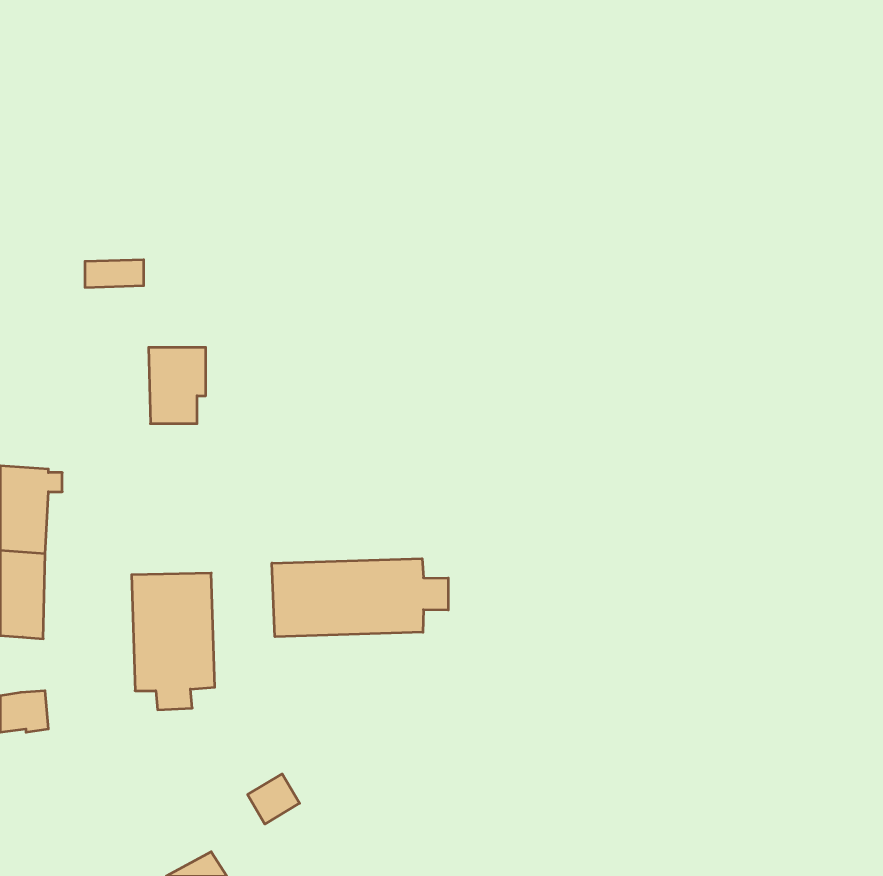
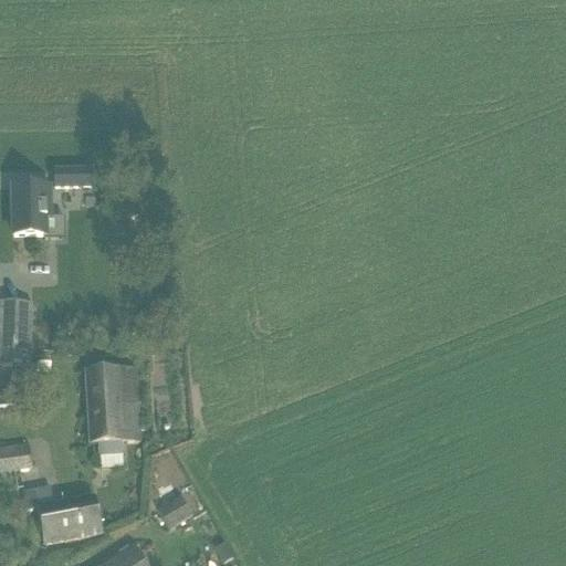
building: [149,347,206,424] -> [13,184,50,232]
building: [272,559,448,637] -> none
building: none -> [23,483,102,542]

